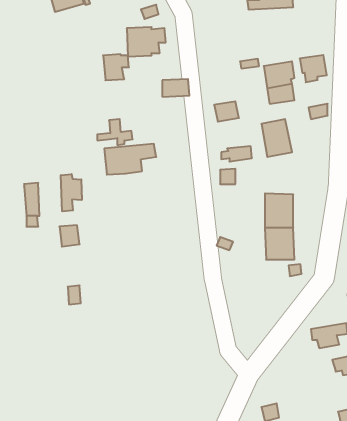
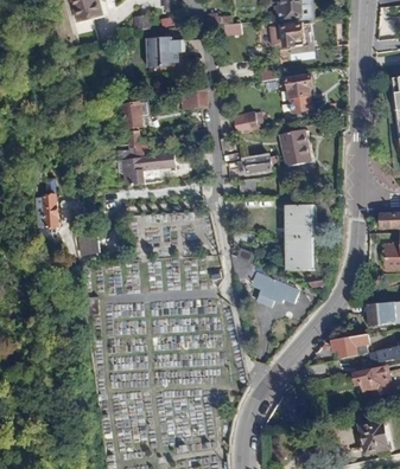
building: [103,54,129,80] -> [122,101,148,127]
building: [300,55,327,82] -> [277,20,304,47]
building: [61,174,82,211] -> none
building: none -> [247,264,300,307]

